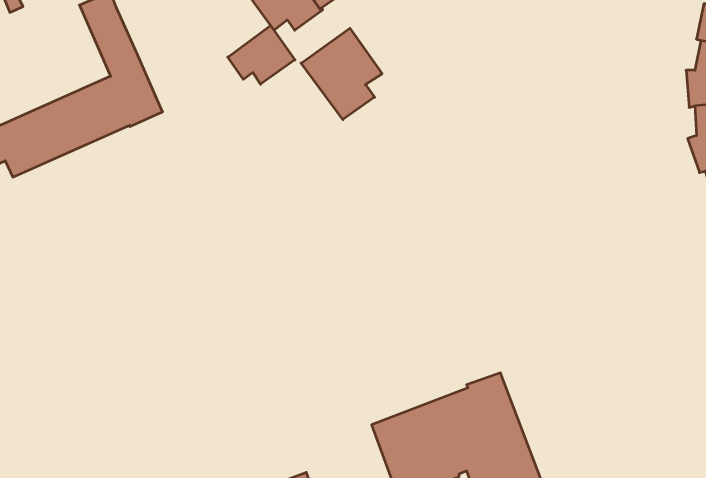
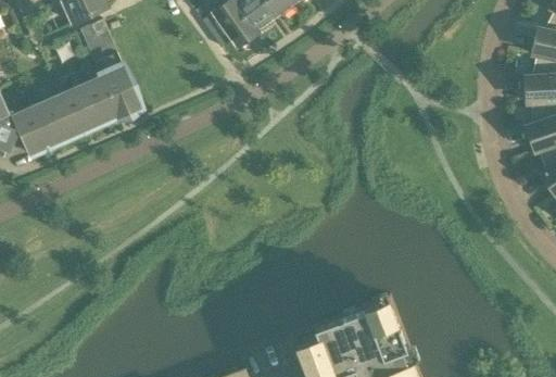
building: [228,26,295,84] -> none
building: [301,28,382,120] -> none

